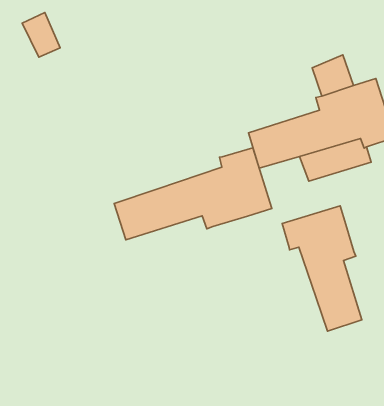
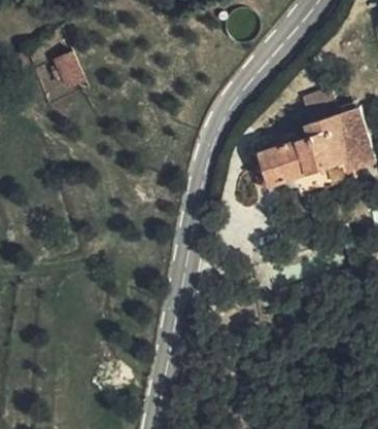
building: [114,148,272,240] -> none
building: [282,206,362,331] -> none

